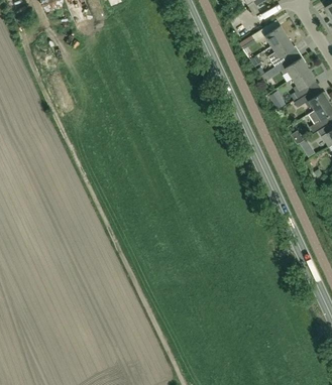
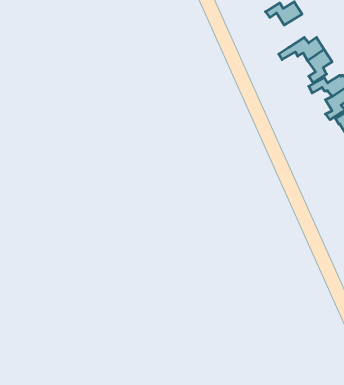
building: [267,37,294,68] -> none

